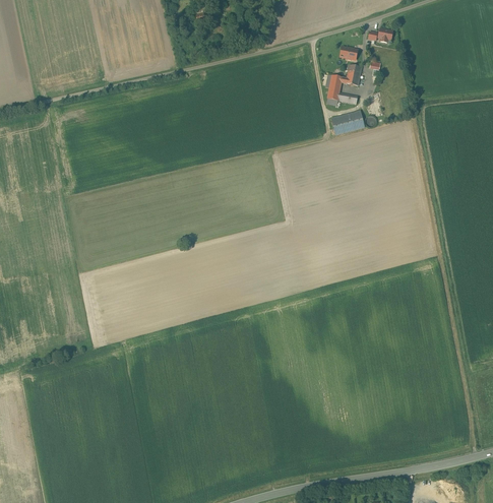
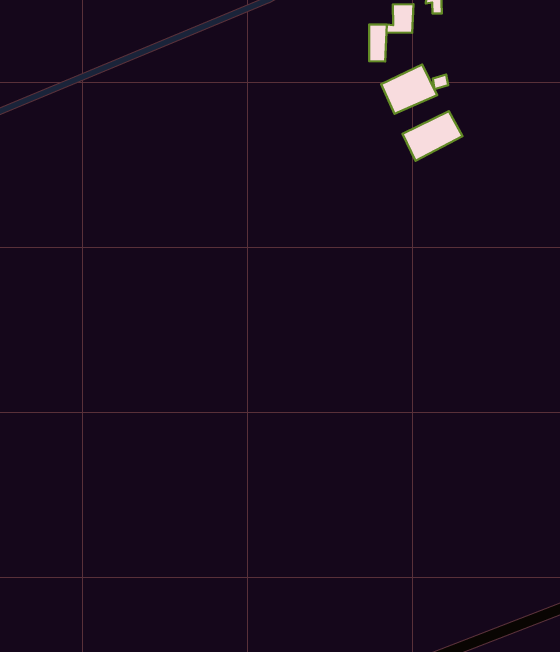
building: none -> [402,111,462,161]

